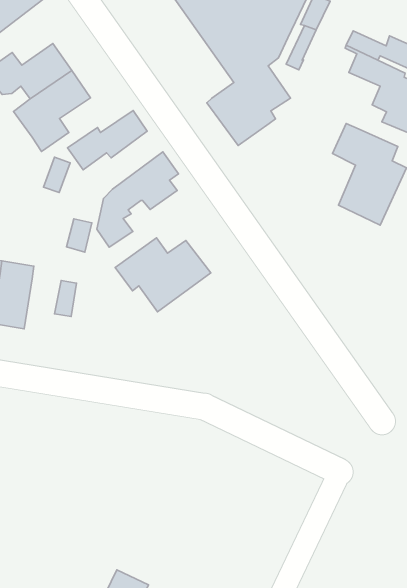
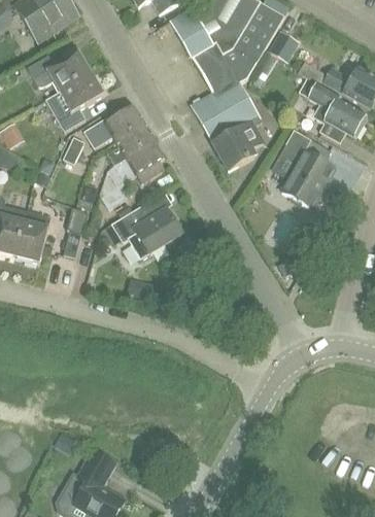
building: none -> [213,108,262,171]
building: none -> [107,124,155,165]

